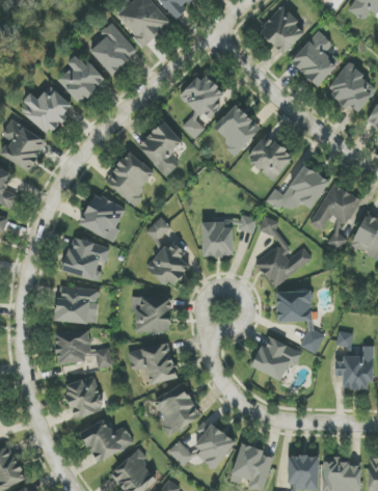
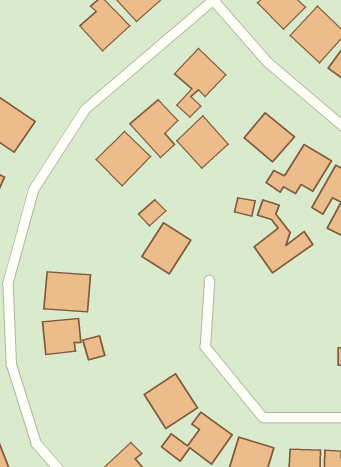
building: [57,53,104,103] -> none
building: [19,86,72,135] -> none
building: [212,104,261,154] -> [177,116,228,168]
building: [78,193,125,242] -> none
building: [202,222,234,257] -> none
building: [63,238,108,280] -> none
building: [276,291,320,350] -> none
building: [134,296,170,332] -> none
building: [252,336,302,381] -> none
building: [128,343,177,384] -> none
building: [63,376,104,418] -> none
building: [80,418,134,463] -> none

